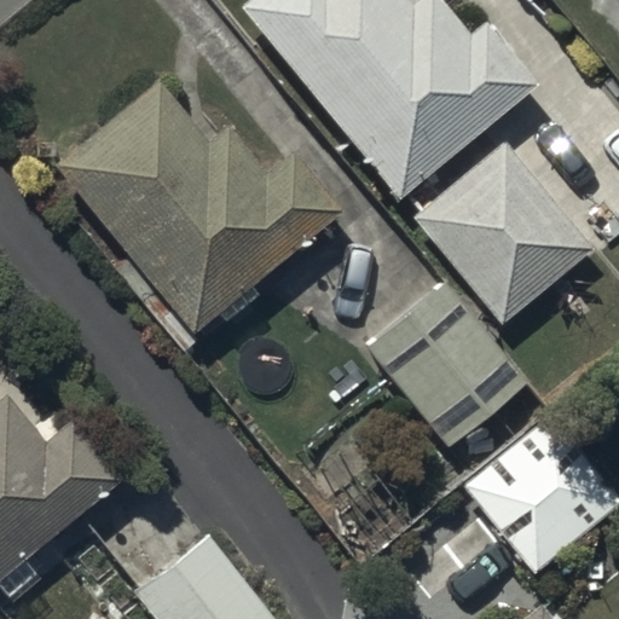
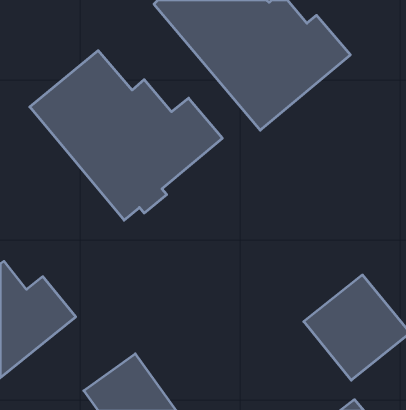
building: [412,140,595,325] -> none
building: [364,279,530,449] -> none

